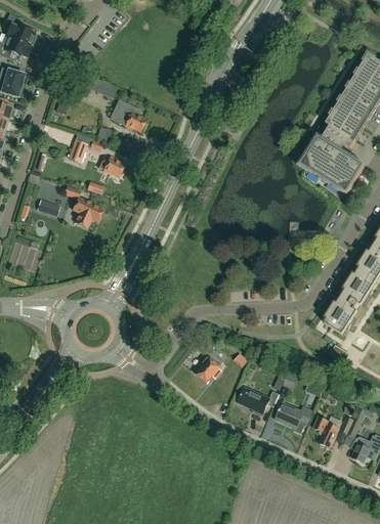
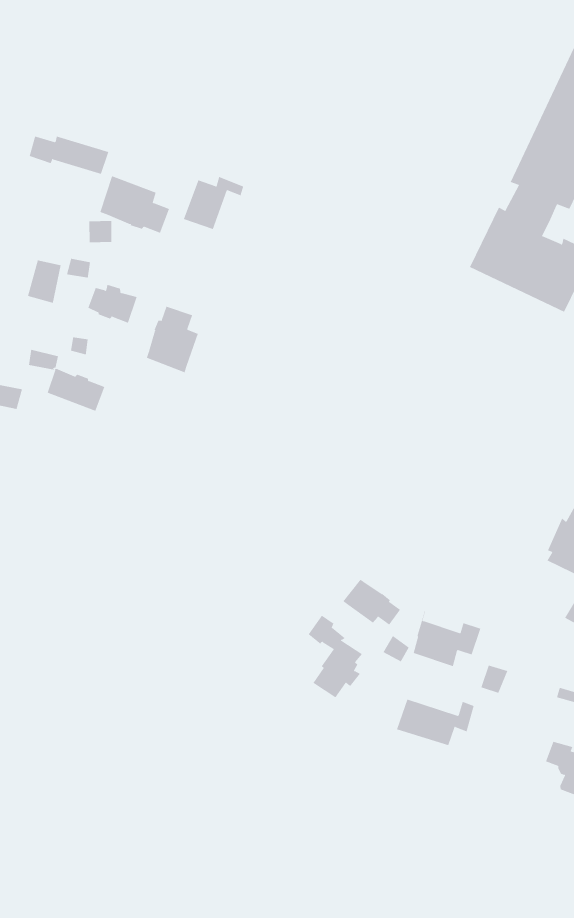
building: none -> [183,176,244,230]
building: none -> [146,306,198,373]
building: none -> [342,579,401,625]
building: [275,398,311,429] -> [413,611,481,667]

